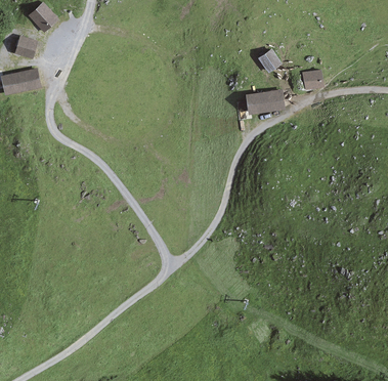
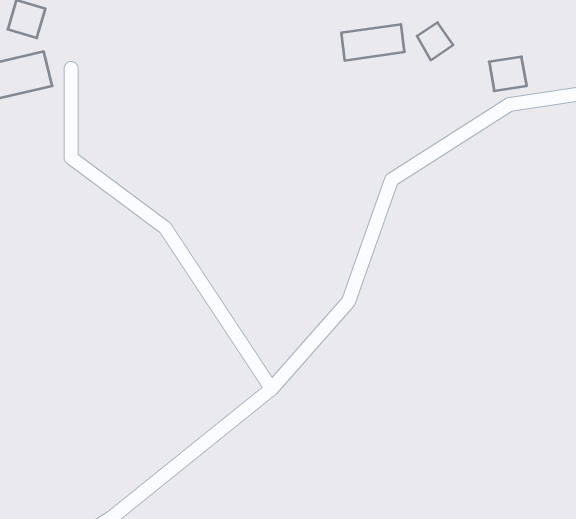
building: [246,91,284,113] -> [341,24,405,60]

